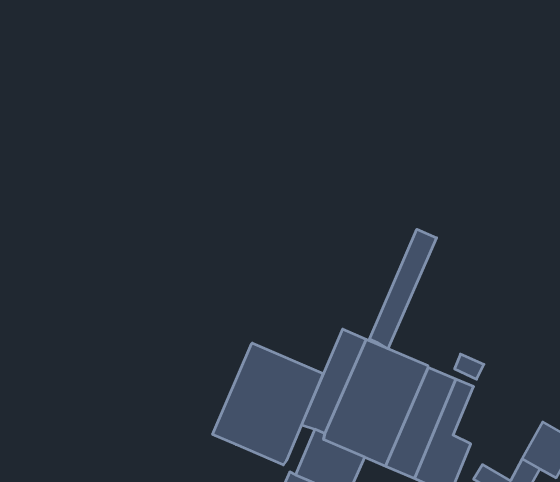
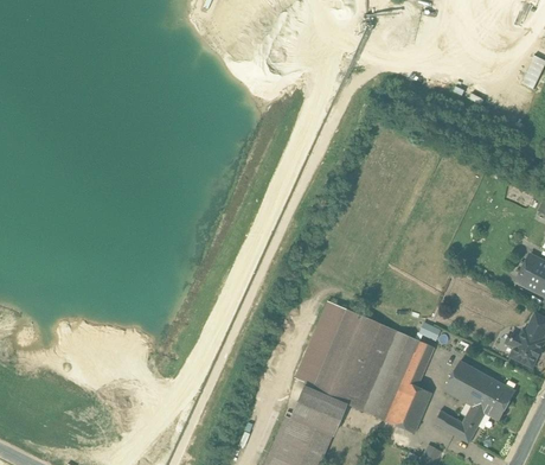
building: [369,229,437,349] -> none
building: [213,343,323,465] -> none
building: none -> [444,361,488,406]

